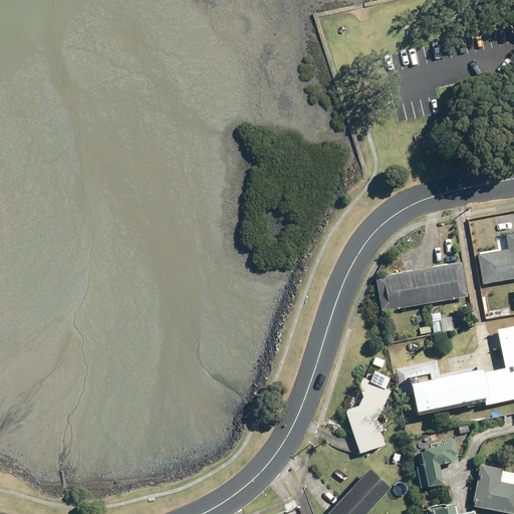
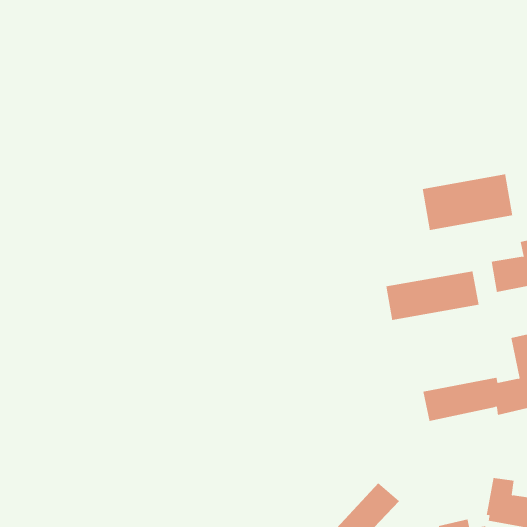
building: none -> [422,174,513,231]
building: [345,370,390,455] -> none
building: [417,444,459,490] -> none

